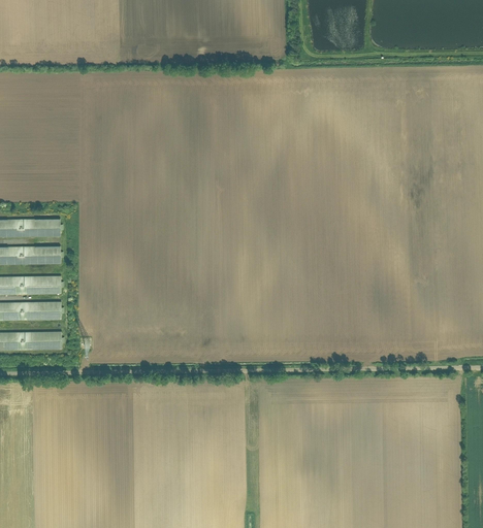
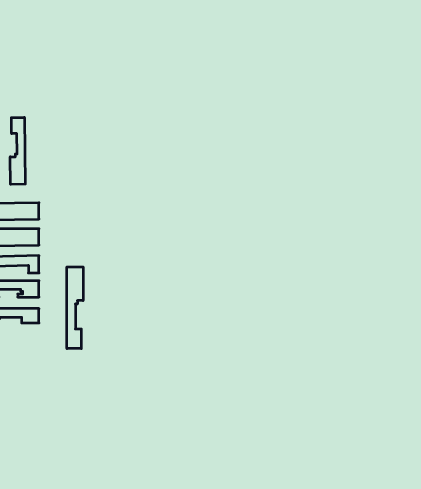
building: none -> [10,117,25,184]
building: none -> [67,267,83,349]

